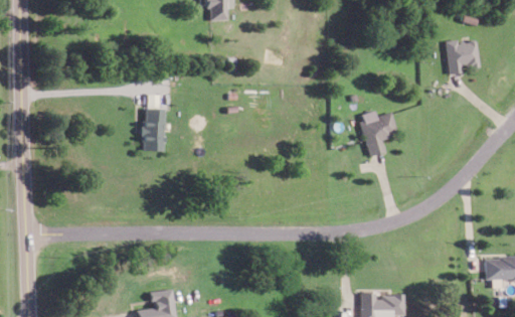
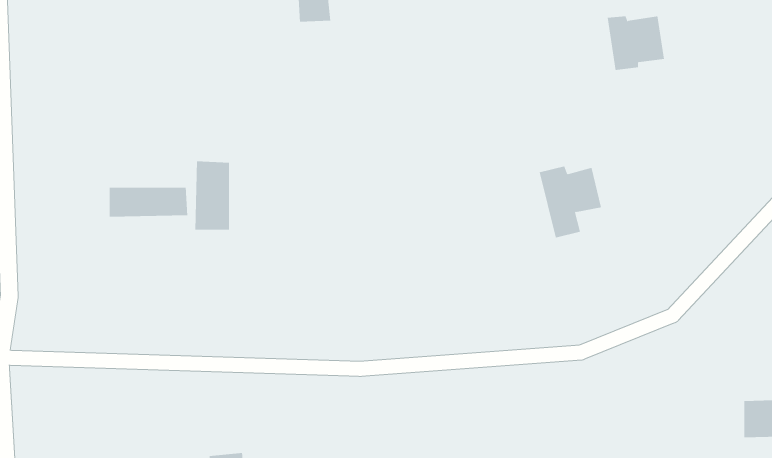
building: [444,40,480,74] -> [607,16,665,71]
building: none -> [109,187,188,217]

